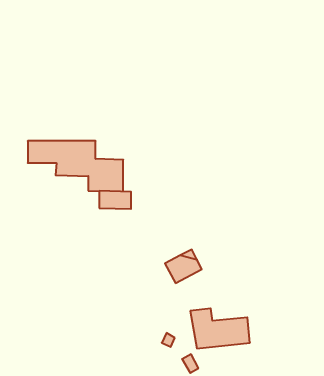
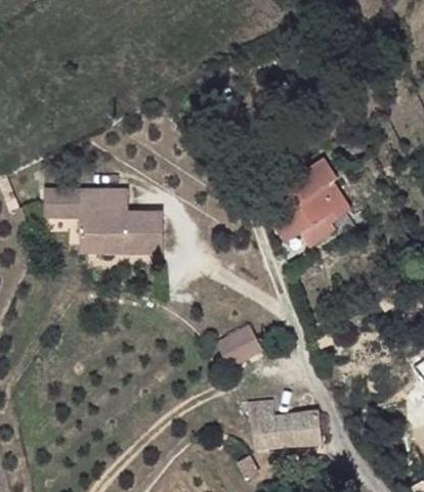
building: none -> [275,158,350,247]
building: [99,191,131,209] -> [79,232,119,255]

